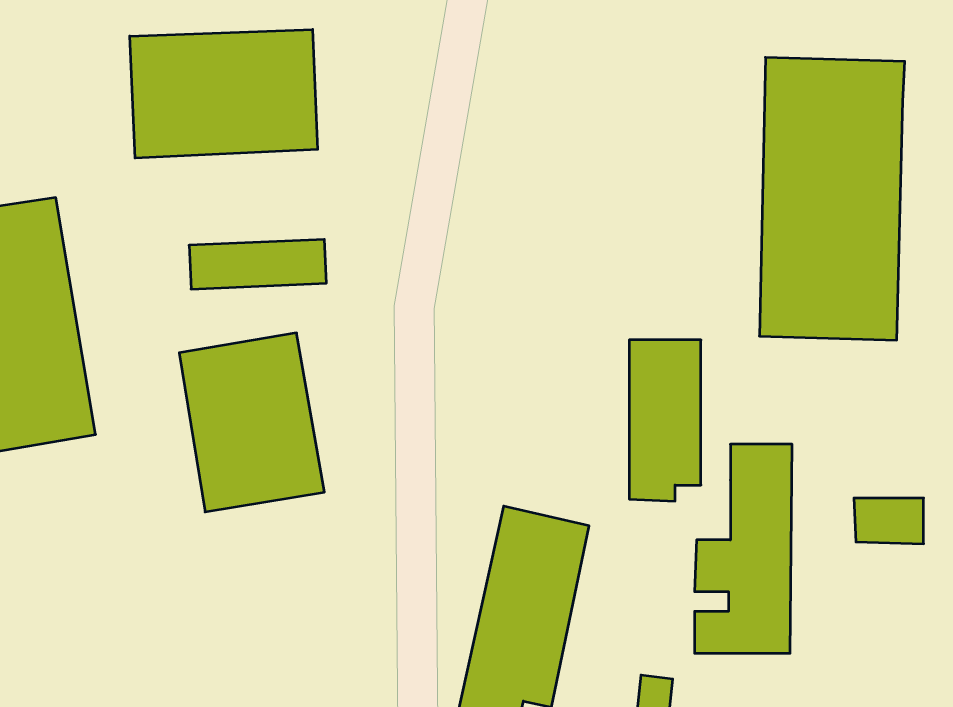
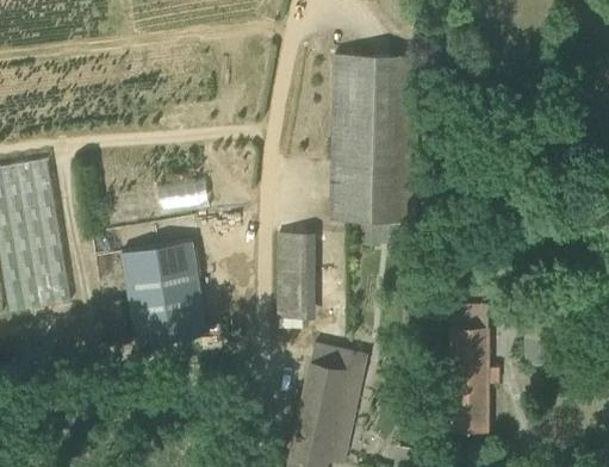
building: [130,29,318,158] -> none
building: [759,57,905,340] -> [331,54,418,223]
building: [629,340,701,501] -> [276,230,319,326]

